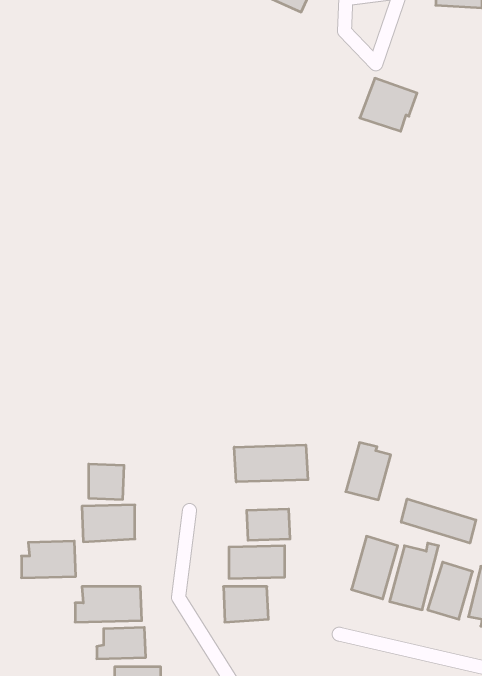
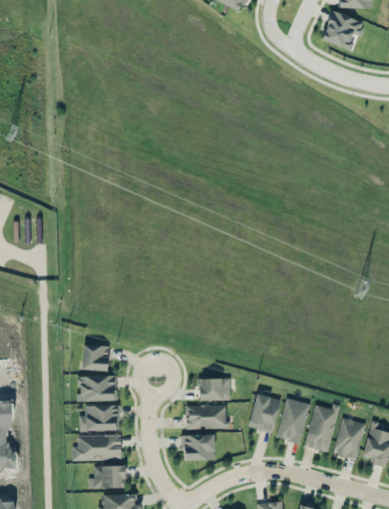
building: [360,78,417,131] -> [321,11,363,50]
building: [346,443,391,500] -> [248,391,281,433]
building: [234,445,308,482] -> none
building: [401,499,476,543] -> none
building: [21,541,76,578] -> [79,405,119,432]

